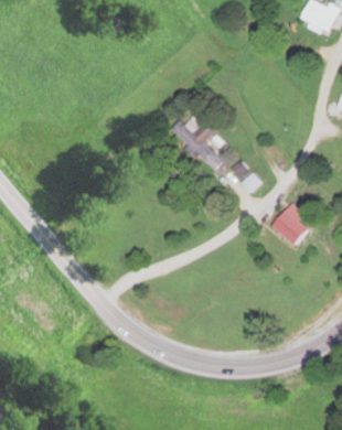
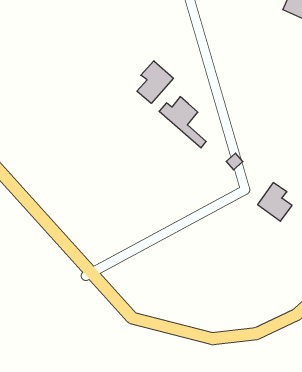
building: none -> [137,61,173,103]

